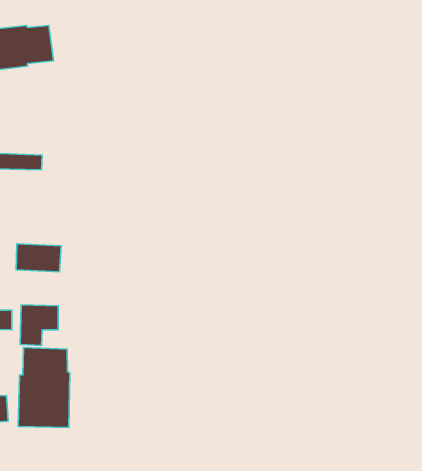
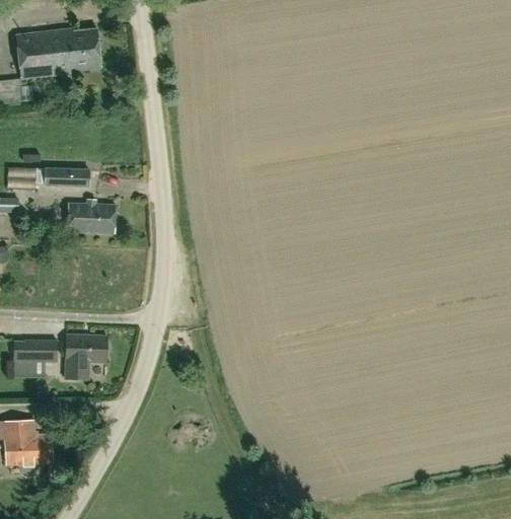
building: [16,244,61,272] -> [66,203,116,233]
building: [18,347,70,428] -> none

